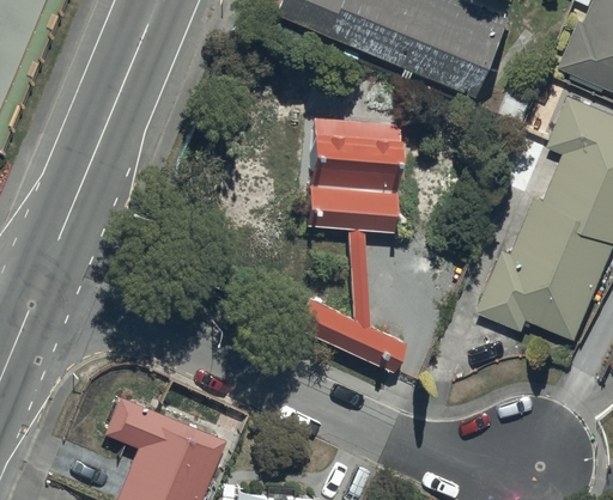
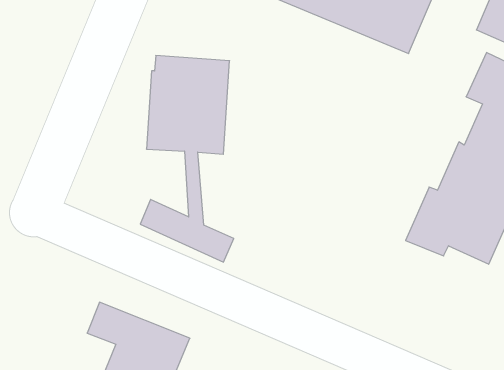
building: [296,124,405,365] -> [140,56,234,262]

